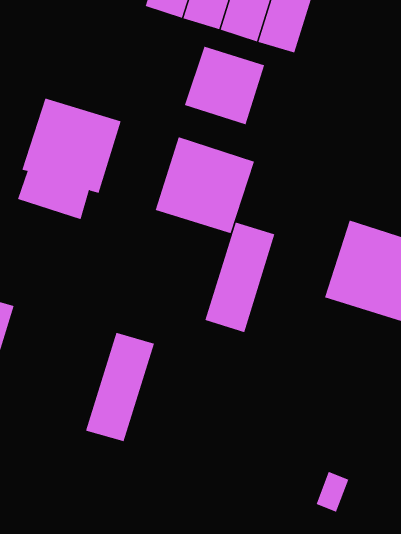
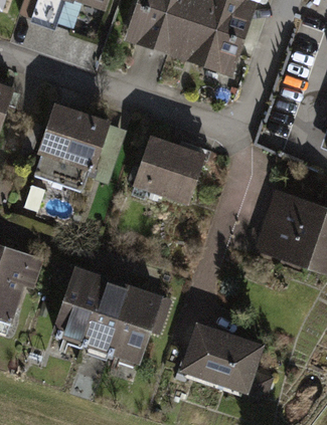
building: [184,46,265,125] -> none
building: [204,222,275,333] -> [111,283,162,364]
building: none -> [53,266,105,347]
building: none -> [180,324,266,395]

